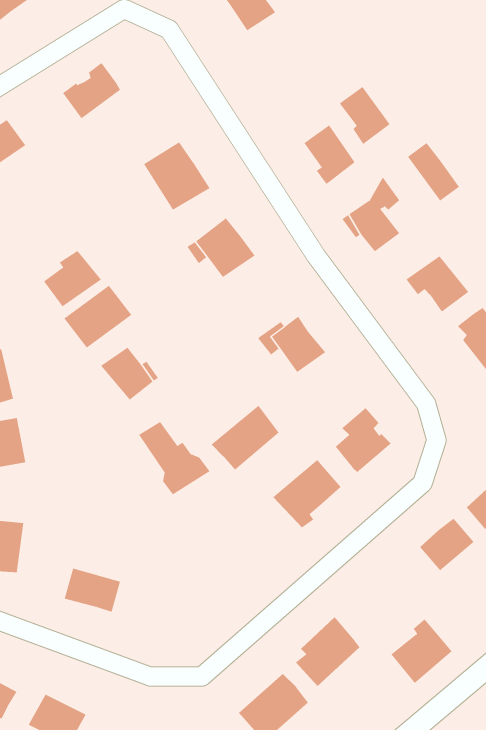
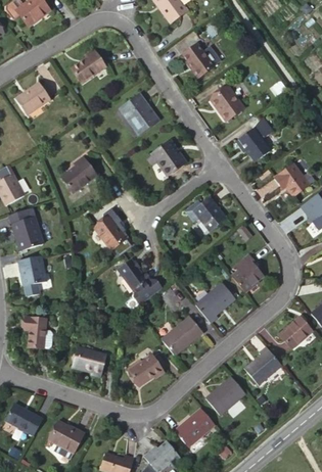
building: [339,86,390,145] -> [183,43,214,78]
building: [407,142,460,201] -> none
building: [64,285,132,349] -> none
building: [211,405,280,471] -> [160,317,201,356]
building: none -> [128,355,160,385]
building: [390,618,452,684] -> [247,349,284,388]

